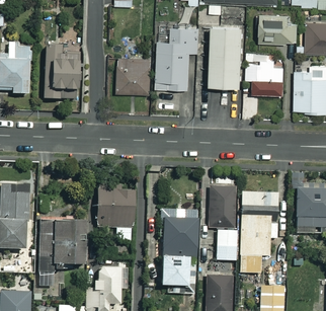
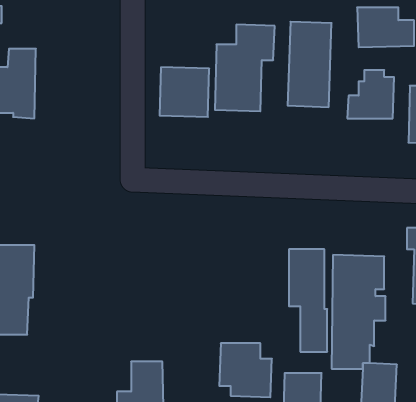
building: [43,45,77,99] -> none
building: [95,184,134,241] -> none
building: [160,209,196,254] -> none
building: [37,220,82,286] -> none

